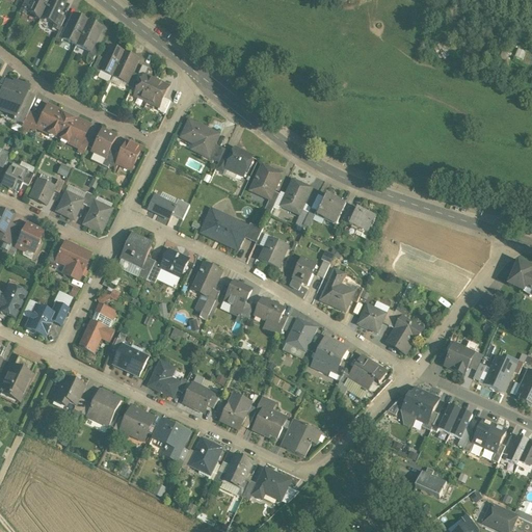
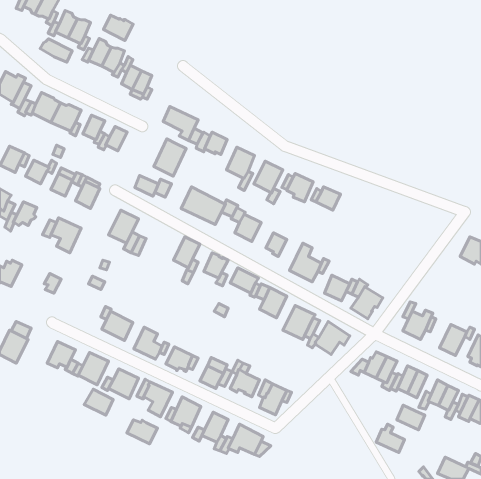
building: none -> [103,15,133,40]
building: none -> [40,39,72,62]
building: none -> [154,139,186,176]
building: [160,248,187,274] -> none
building: [25,305,53,334] -> none
building: [77,320,112,353] -> none
building: none -> [84,389,113,415]
building: none -> [397,405,425,430]
building: none -> [127,420,157,444]

